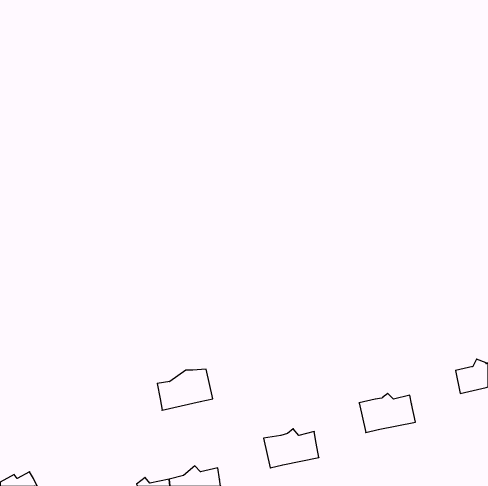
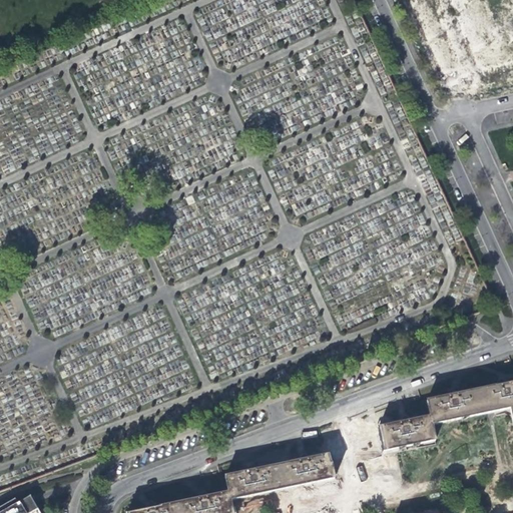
building: [157,369,213,410] -> [225,460,284,503]
building: none -> [427,388,483,424]

